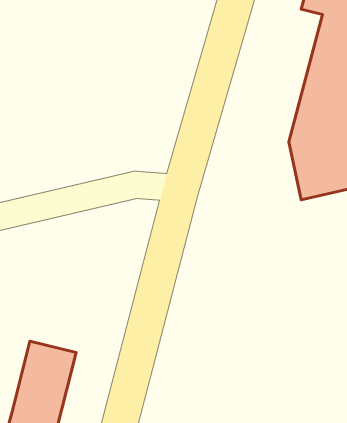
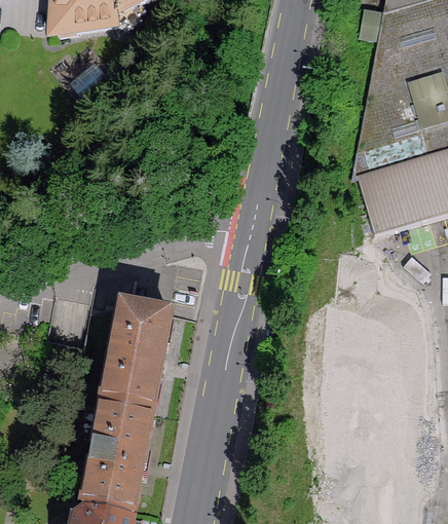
building: none -> [100,305,169,413]

